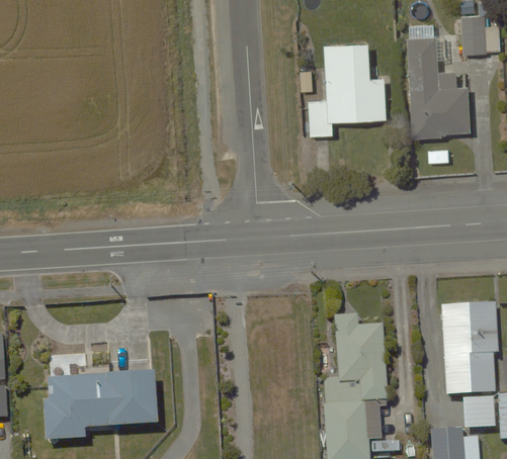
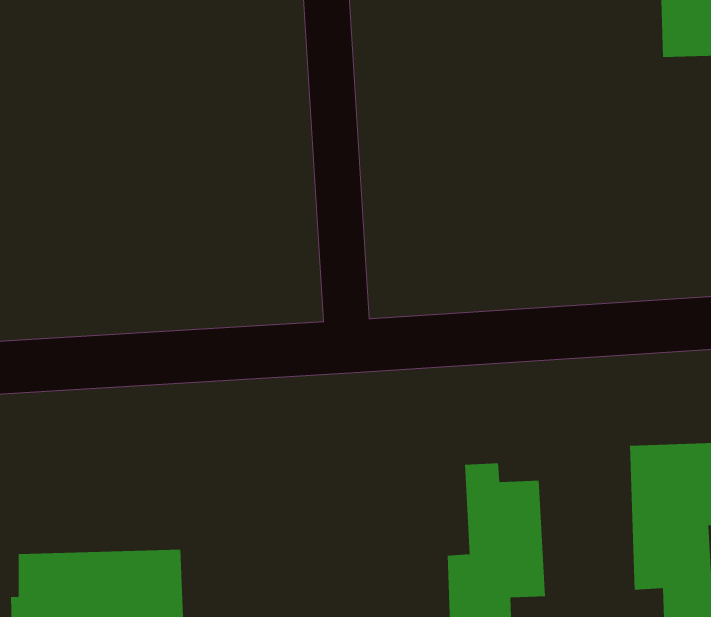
building: [408,34,471,136] -> none
building: [310,44,387,134] -> none

